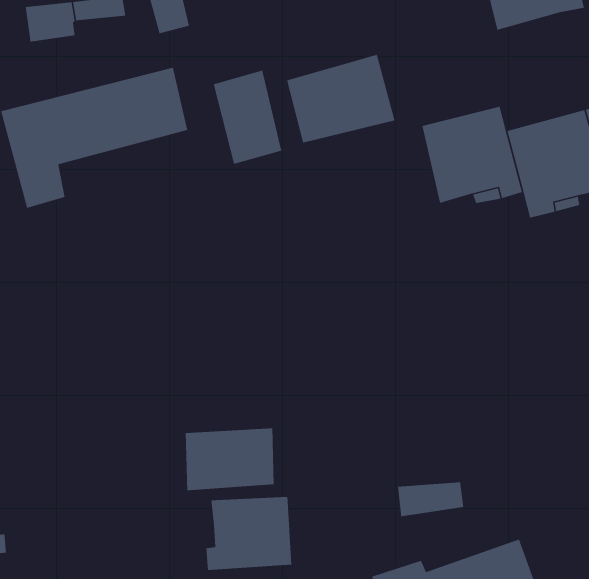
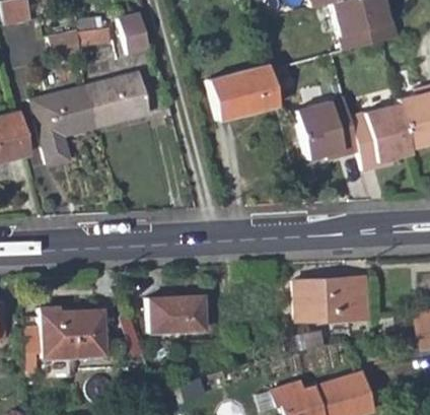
building: [213,70,282,165] -> none
building: none -> [295,280,366,323]
building: none -> [41,306,104,359]
building: [205,496,292,571] -> none

